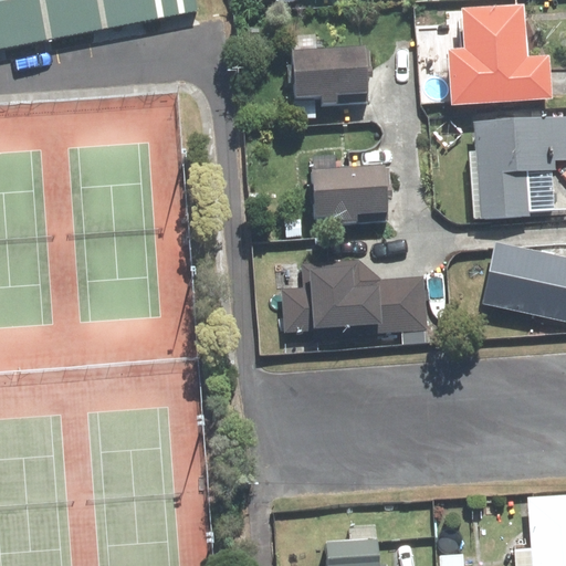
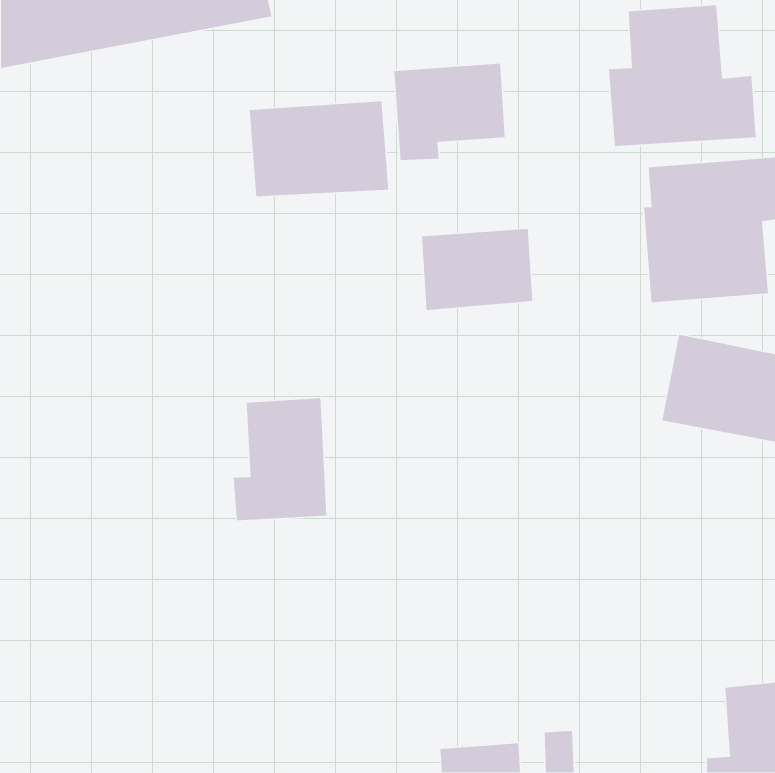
building: none -> [249,101,389,197]
building: [283,258,432,337] -> none
building: none -> [233,398,327,521]

